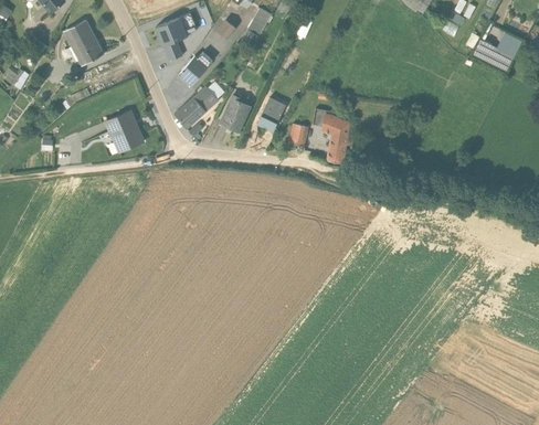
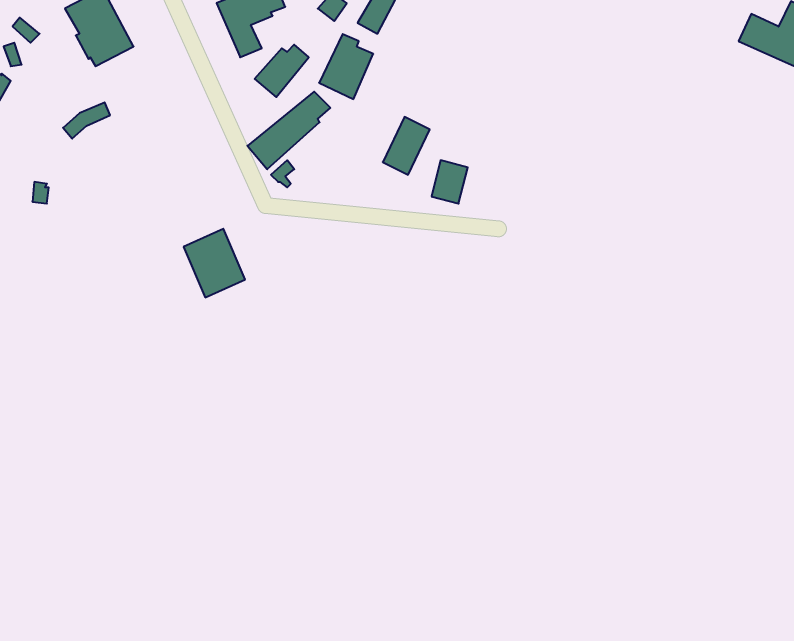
building: [218,94,251,134] -> [319,34,373,99]
building: [313,109,351,160] -> none
building: [105,110,142,152] -> [184,229,245,297]

